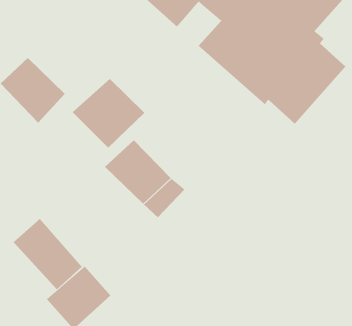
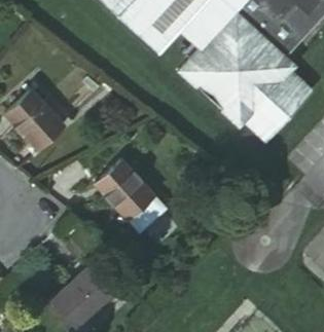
building: [72,78,145,149] -> none
building: [13,218,82,290] -> none

